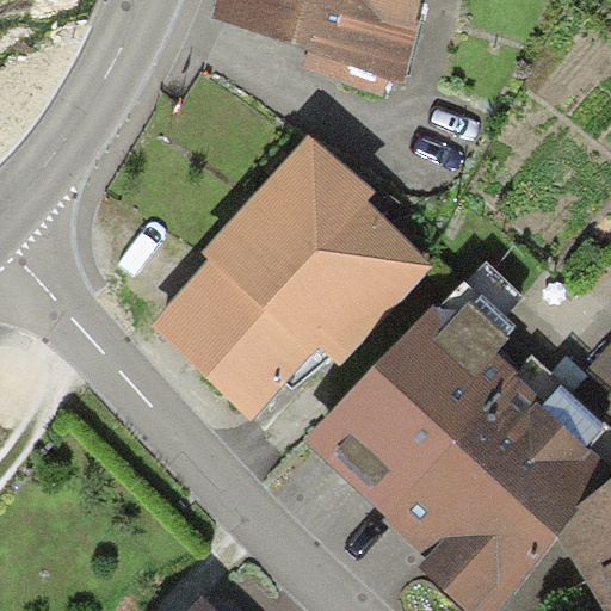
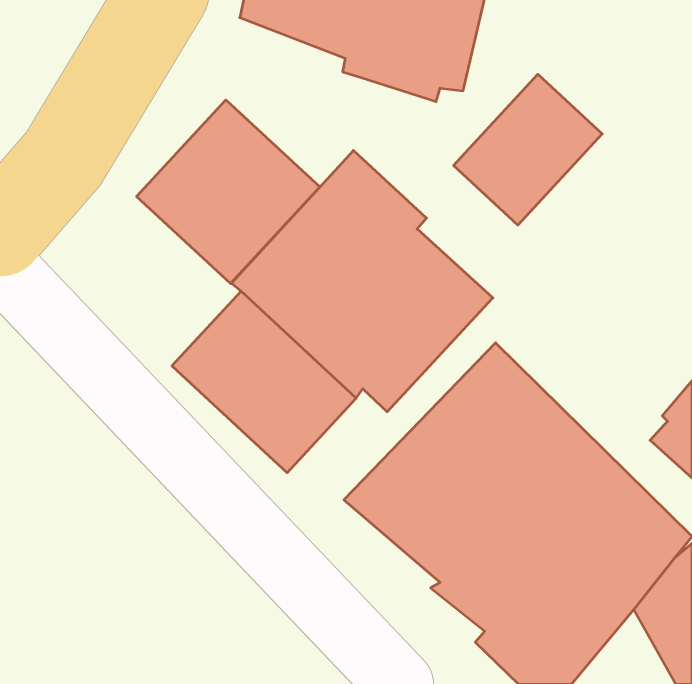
building: none -> [454,74,602,225]
building: none -> [137,100,320,284]

